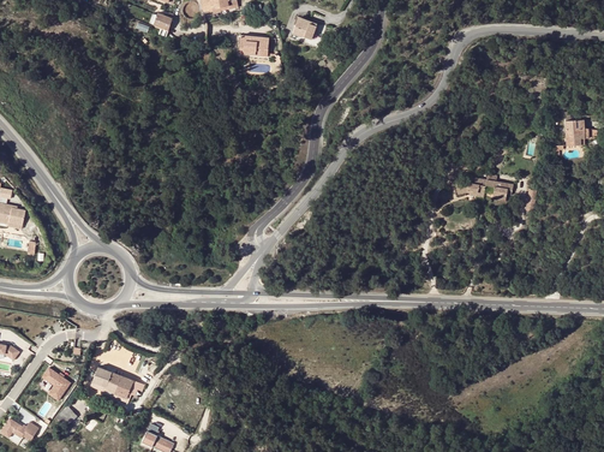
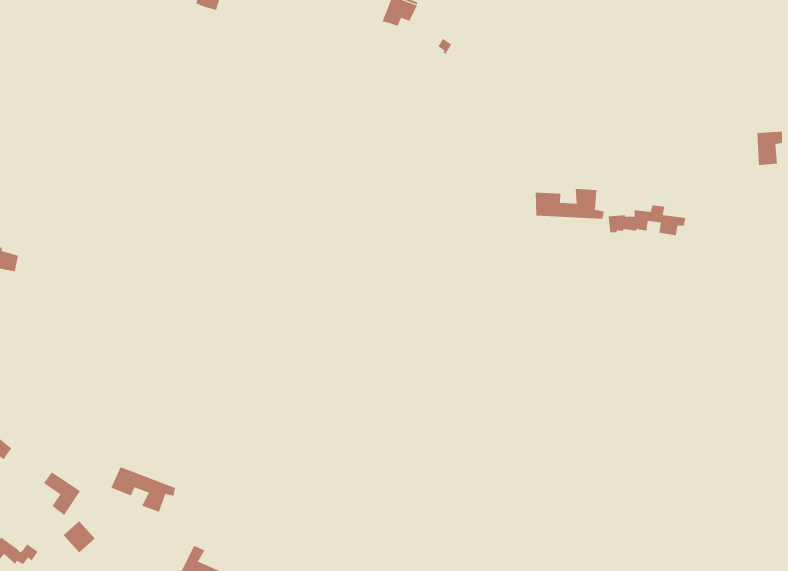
building: [239,35,268,56] -> none
building: none -> [535,188,605,219]

